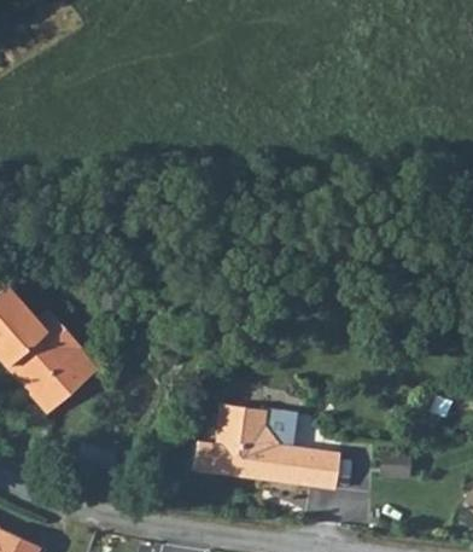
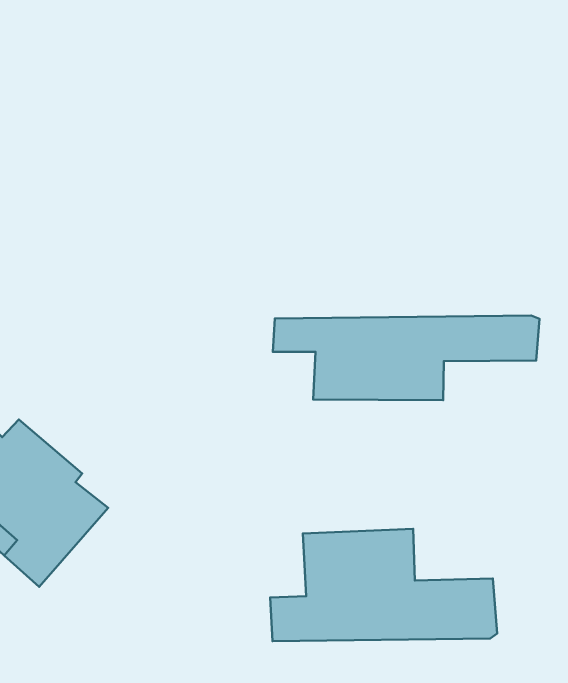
building: none -> [273,315,540,400]

